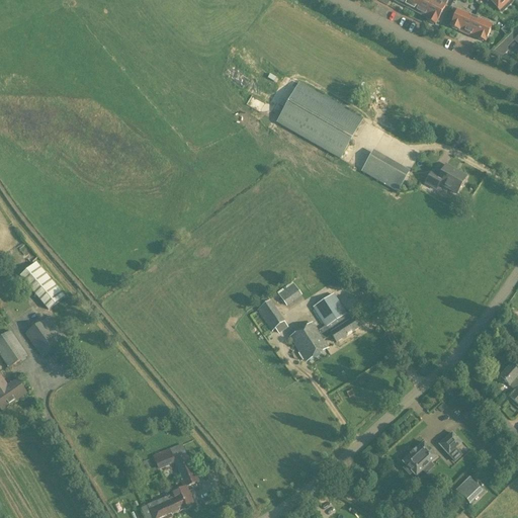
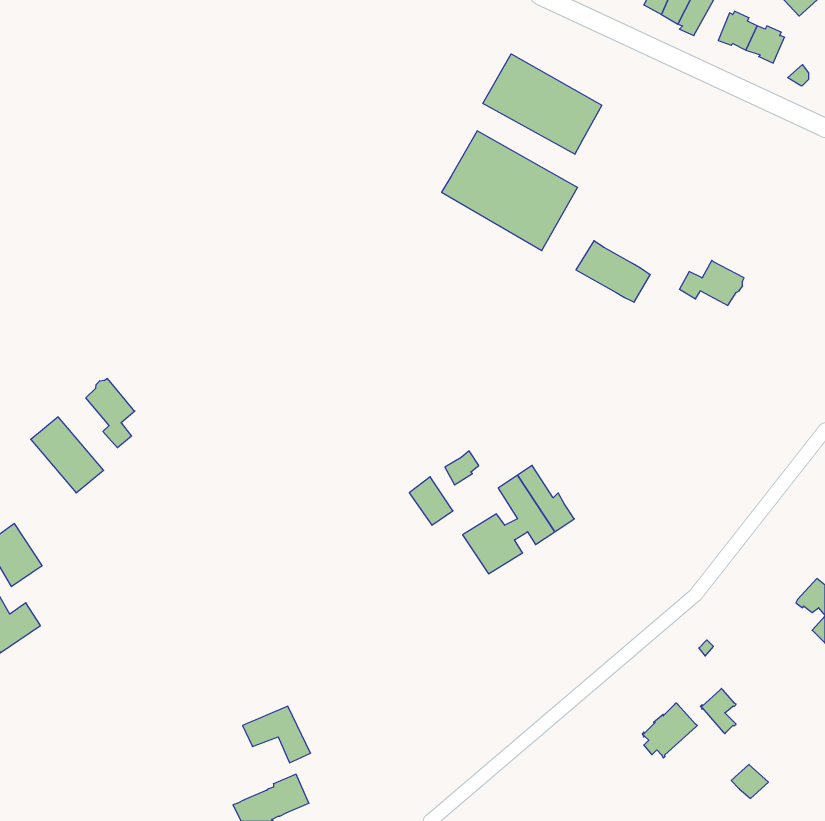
building: none -> [483,54,602,154]
building: none -> [86,378,135,448]
building: [23,314,65,355] -> none

